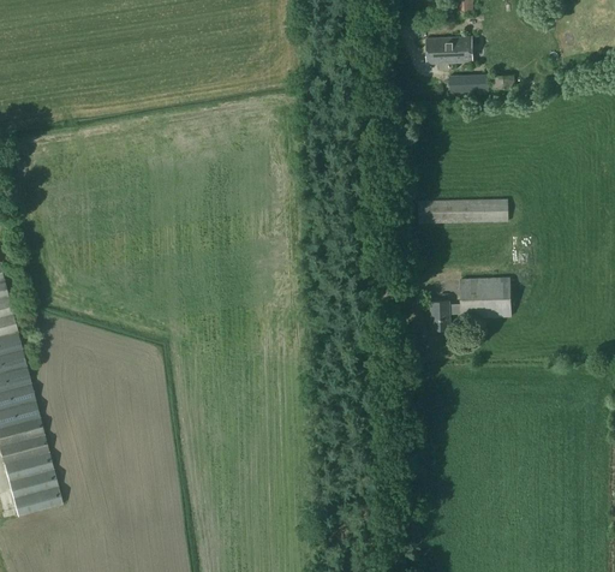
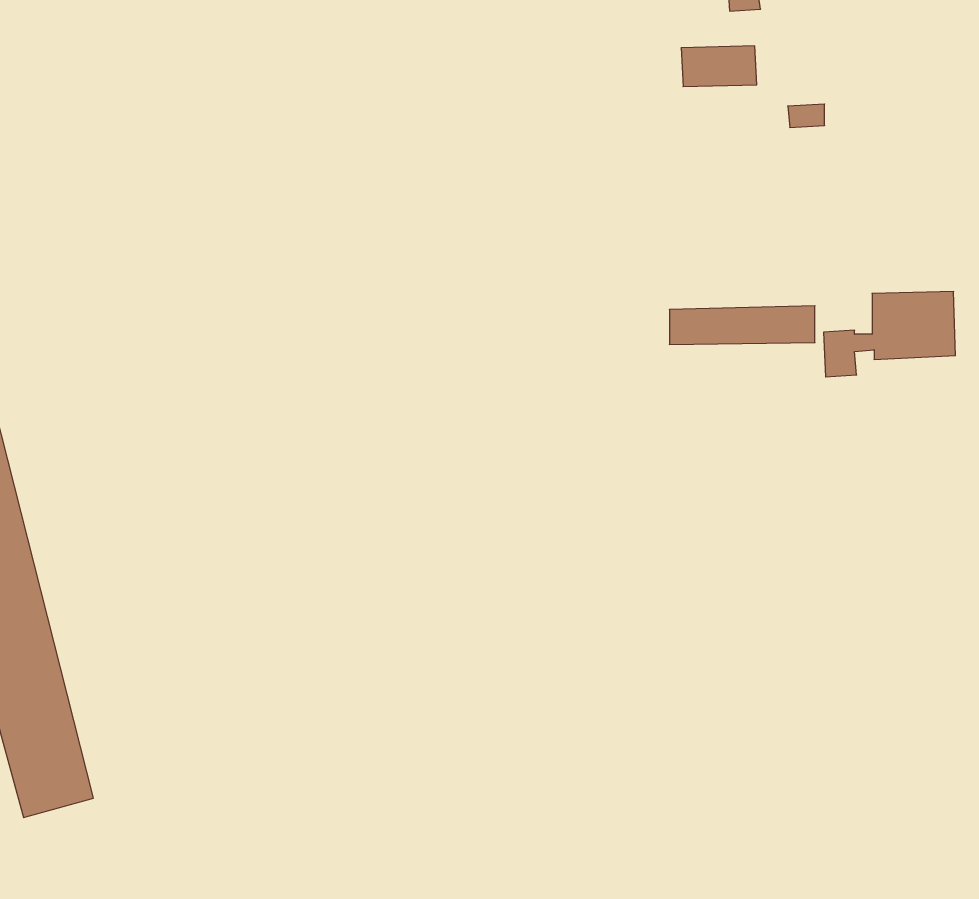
building: [449,73,489,93] -> none
building: [430,276,512,329] -> [824,292,955,377]

